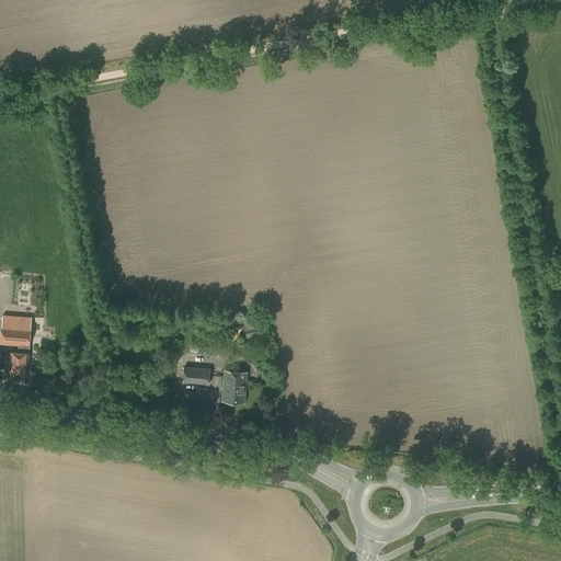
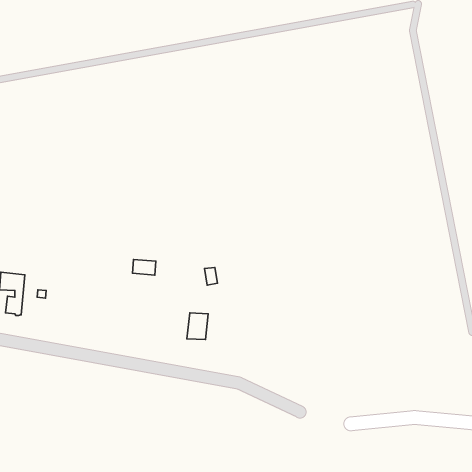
building: [181,367,208,386] -> [133,259,156,275]

